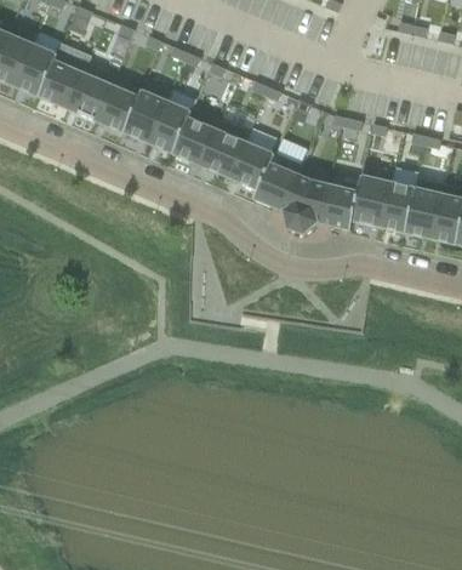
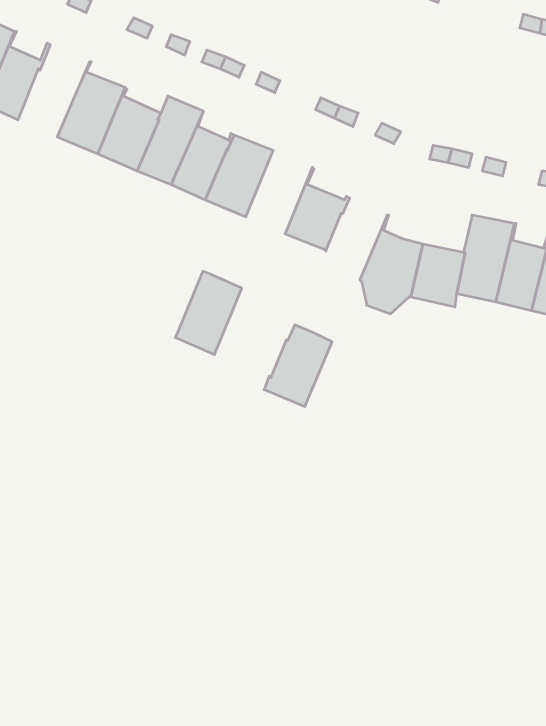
building: [39,44,90,109] -> none
building: [201,119,249,178] -> [175,271,242,355]
building: [253,153,302,211] -> [264,325,332,407]

